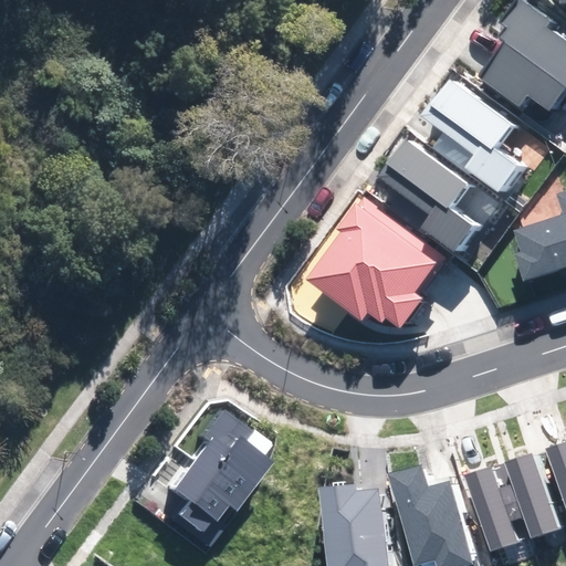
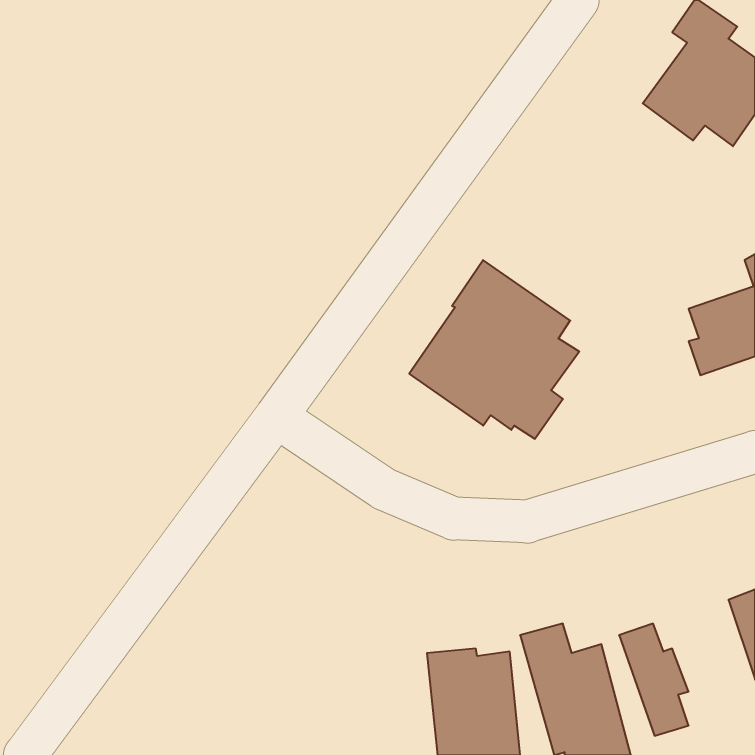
building: [423,81,515,195] -> none
building: [381,139,473,253] -> none
building: [174,410,273,545] -> none
building: [503,454,556,537] -> none

